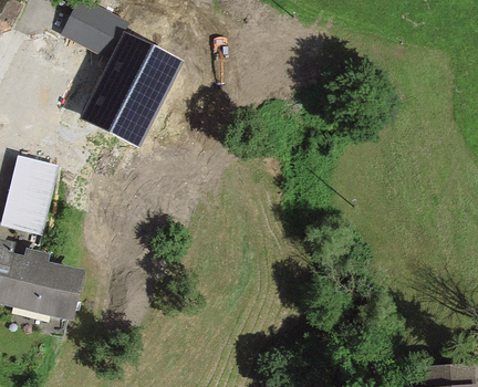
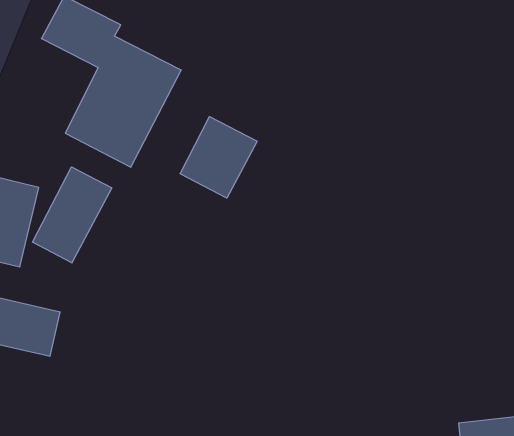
building: none -> [180,117,257,198]
building: none -> [33,167,112,263]

